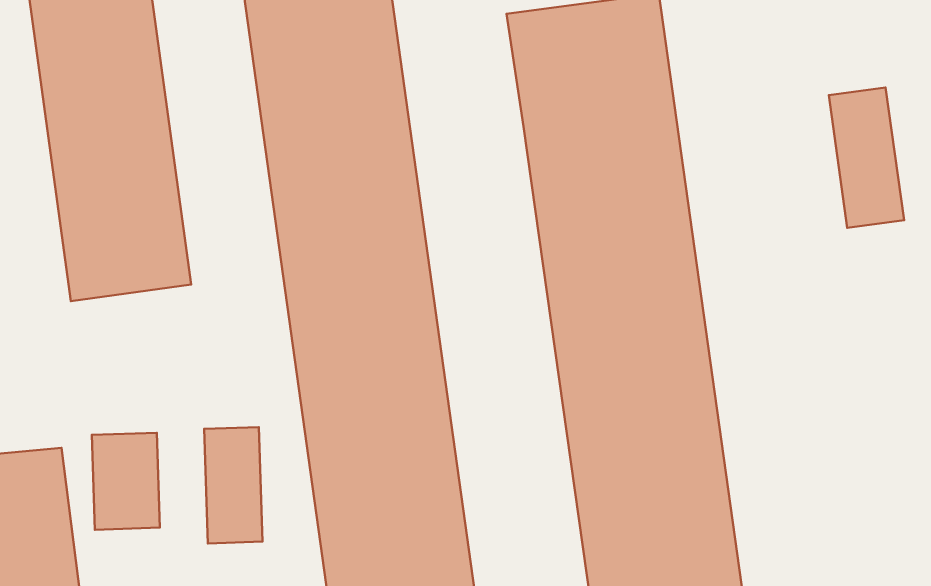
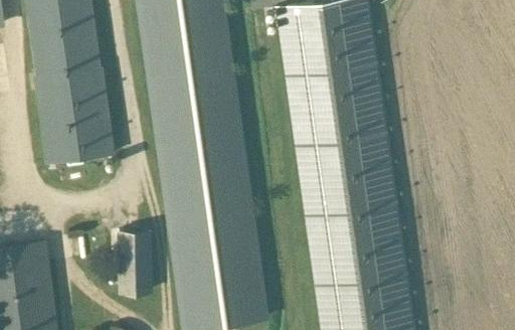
building: [829,87,904,228] -> none
building: [92,433,160,530] -> none

